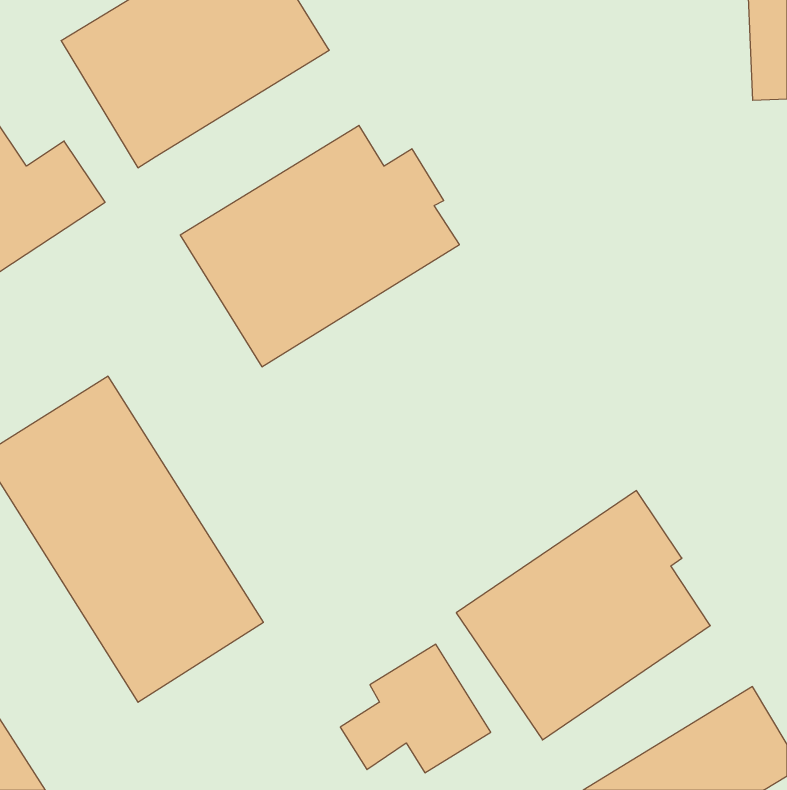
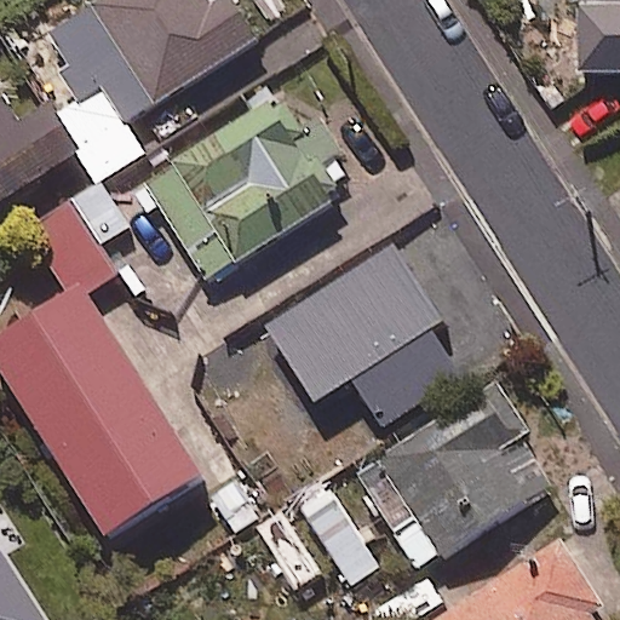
building: none -> [34,182,125,292]
building: none -> [248,237,478,453]

